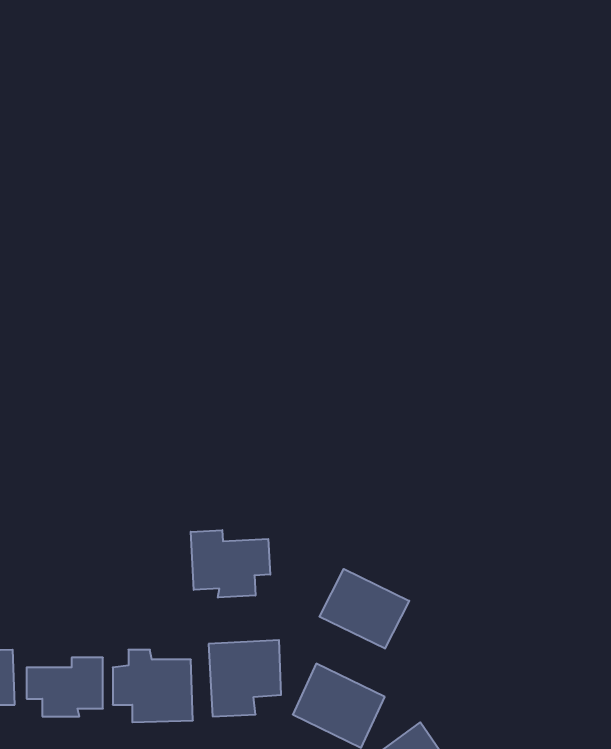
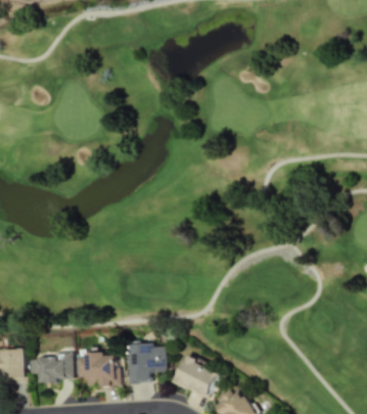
building: [191,530,270,598] -> none
building: [319,569,409,649] -> none

